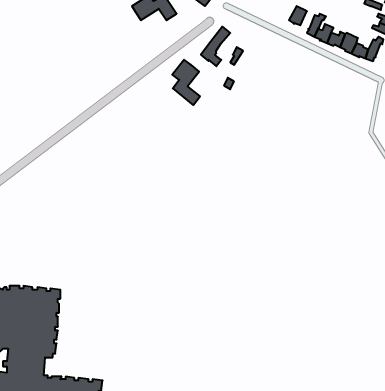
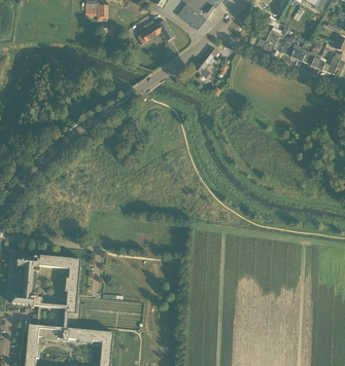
building: [172,60,200,105] -> none

